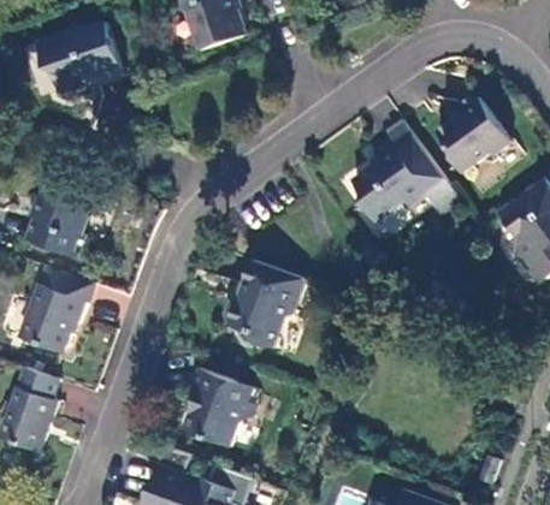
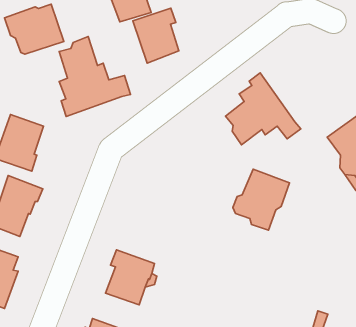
building: none -> [133,8,179,63]
building: none -> [59,37,131,117]
building: [436,95,511,172] -> none
building: [224,260,304,346] -> [233,169,290,230]

